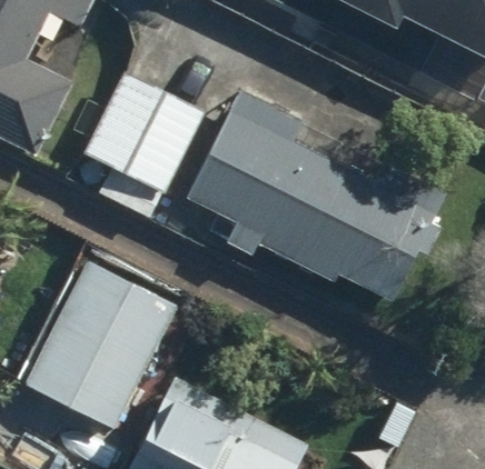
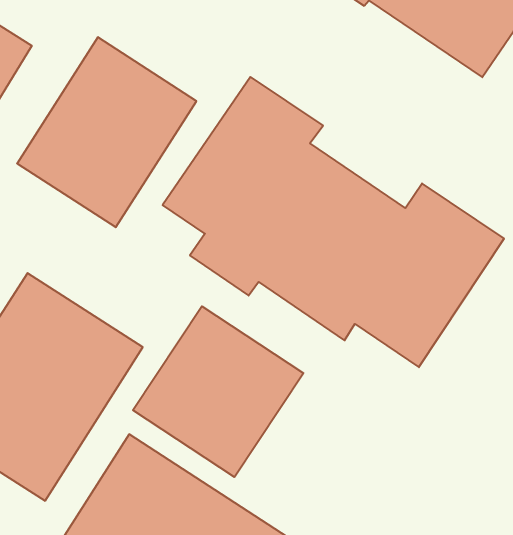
building: none -> [133,306,303,477]

